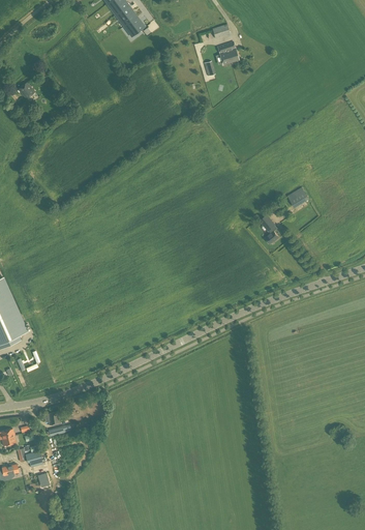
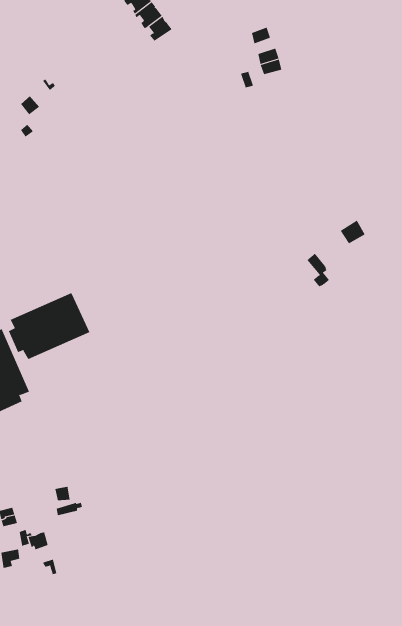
building: none -> [8,292,90,360]

